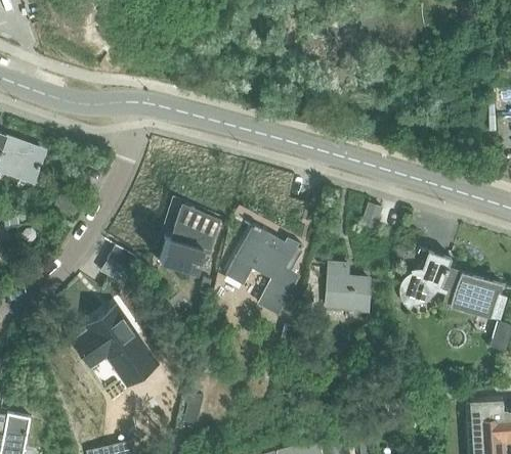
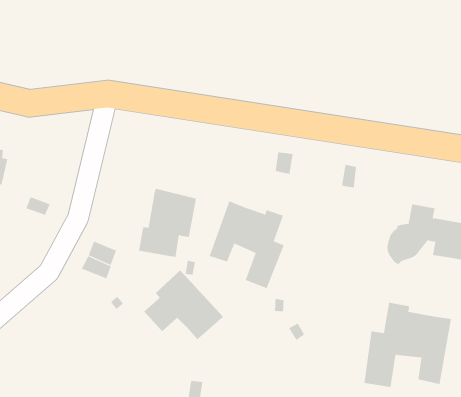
building: [326,265,369,311] -> none
building: [76,308,153,378] -> [144,270,224,340]
building: none -> [364,302,452,388]

